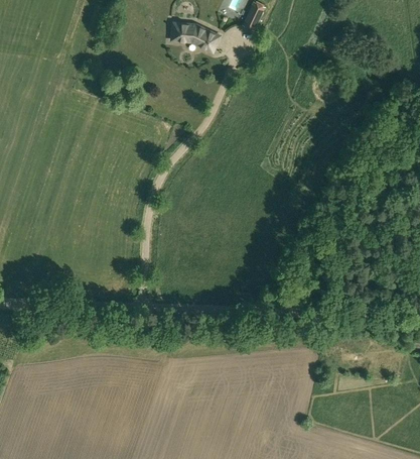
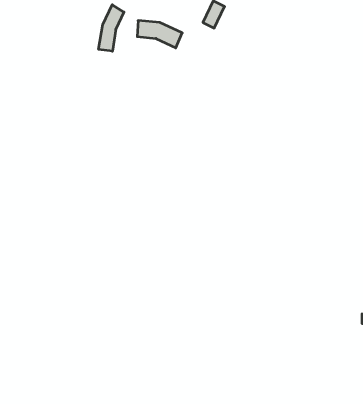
building: none -> [99,5,124,51]

